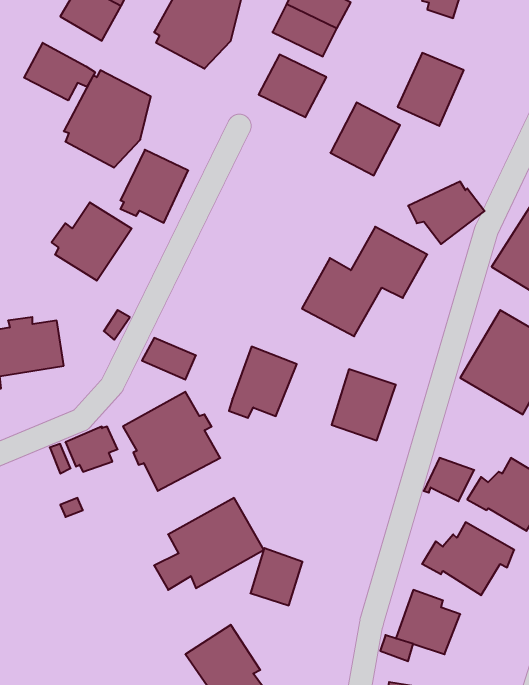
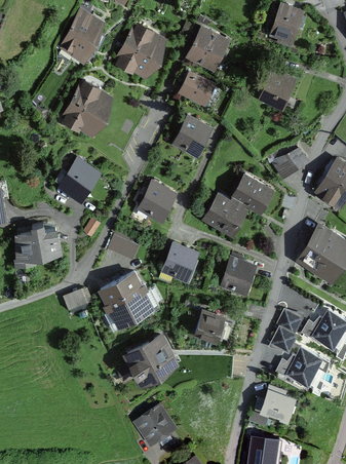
building: [24,43,95,100] -> none
building: [330,102,400,175] -> [171,116,213,159]
building: [120,150,188,223] -> [137,182,177,225]
building: none -> [269,325,298,354]
building: [250,548,303,605] -> [193,310,224,344]

